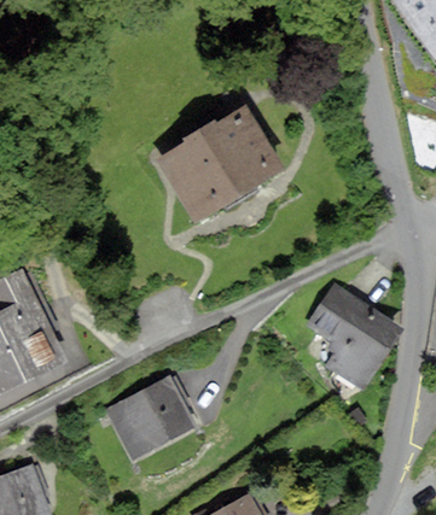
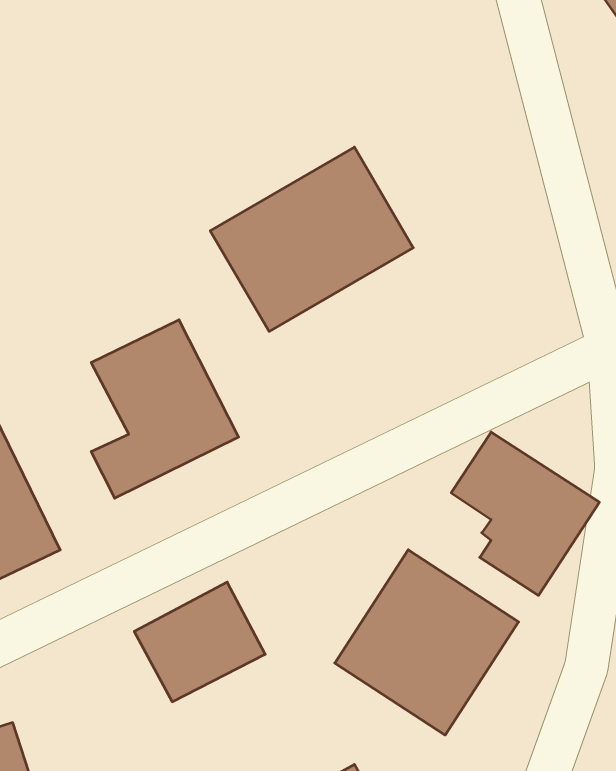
building: none -> [91,320,239,498]
building: none -> [335,550,519,735]

